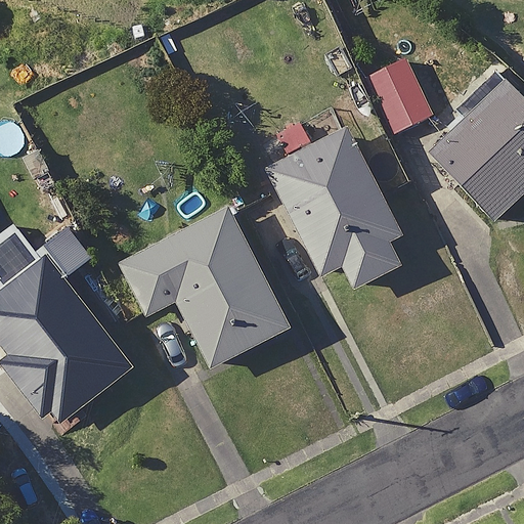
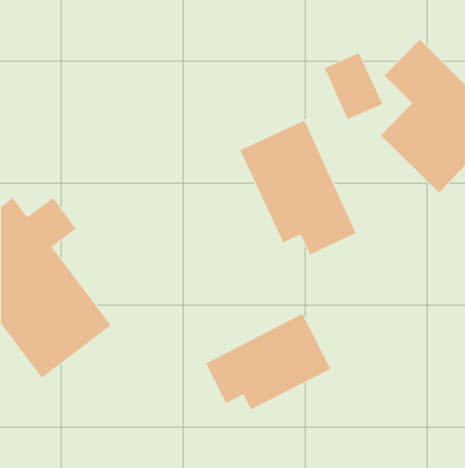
building: [123,213,282,365] -> none
building: none -> [206,313,331,410]

